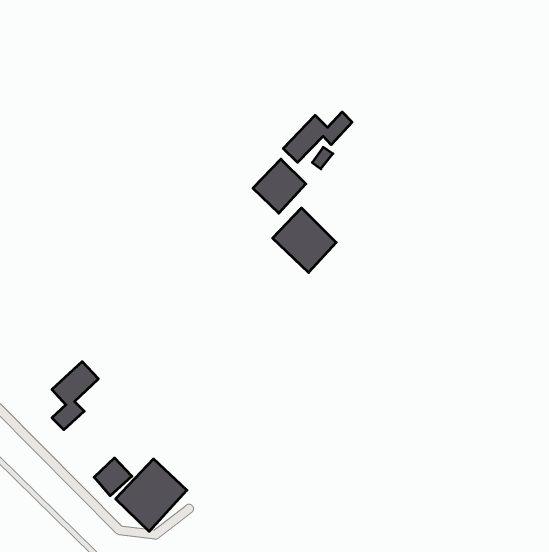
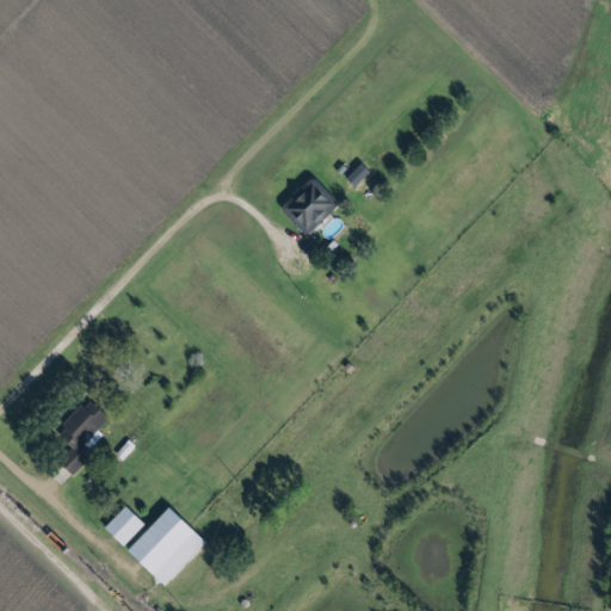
building: [283,112,352,162] -> none
building: [273,208,336,273] -> none

